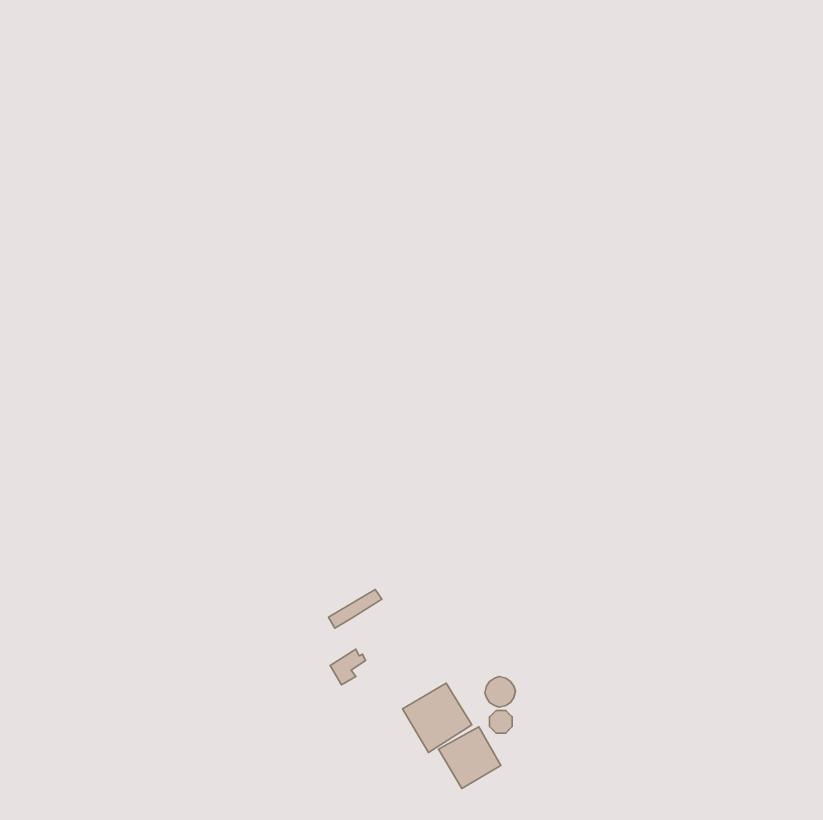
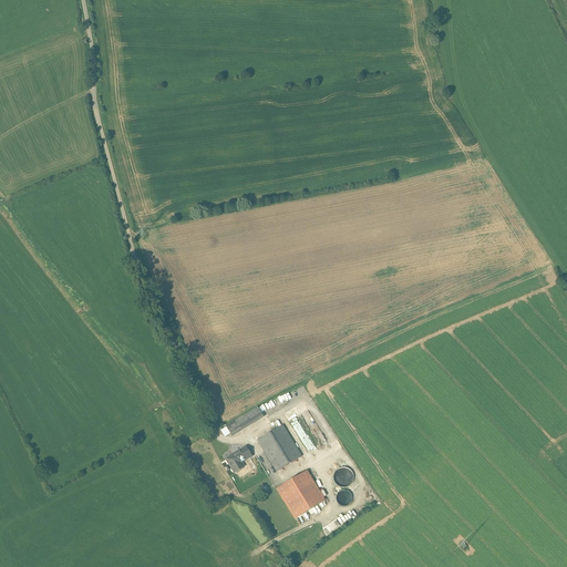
building: none -> [258,423,302,470]
building: [439,727,501,789] -> none

